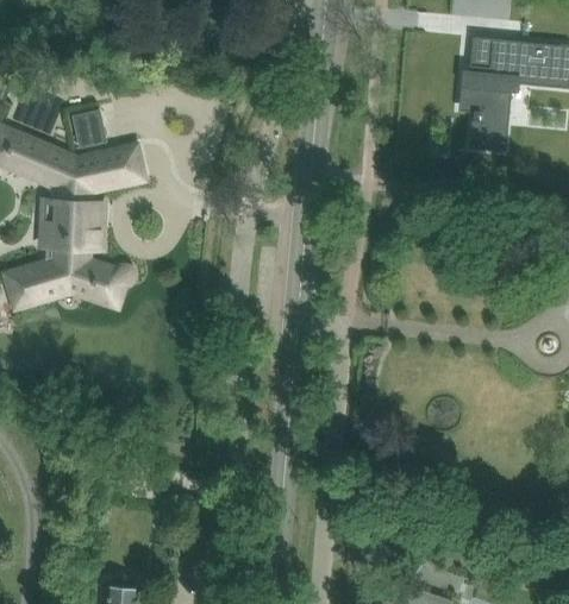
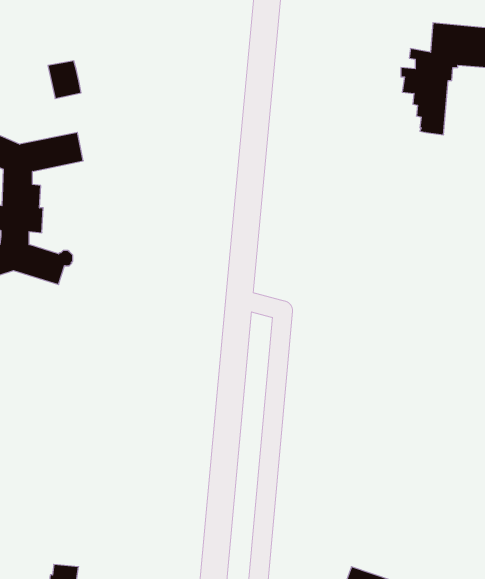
building: [71,108,105,146] -> [48,61,81,99]

